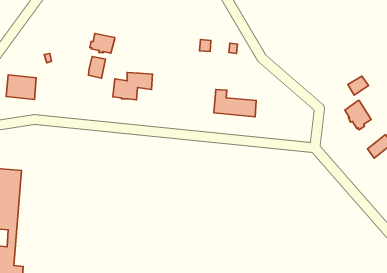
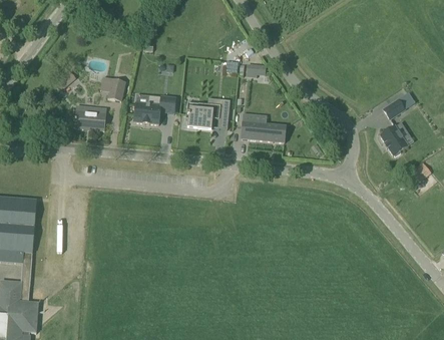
building: [90,33,115,53] -> none
building: [6,75,36,99] -> [73,103,105,129]
building: none -> [184,98,229,128]

